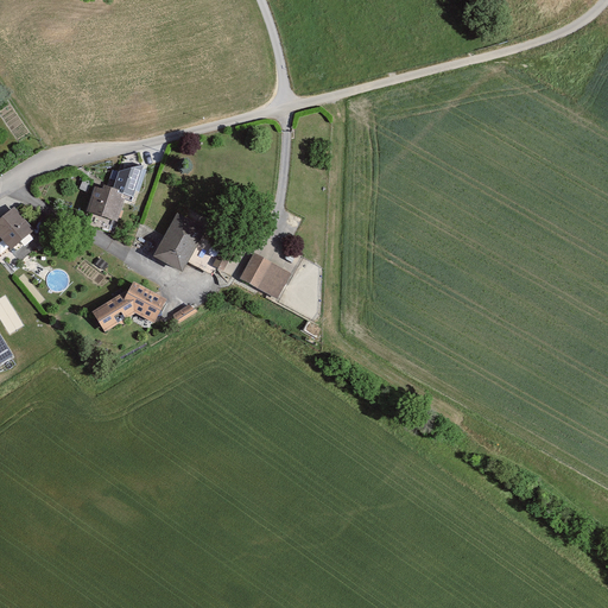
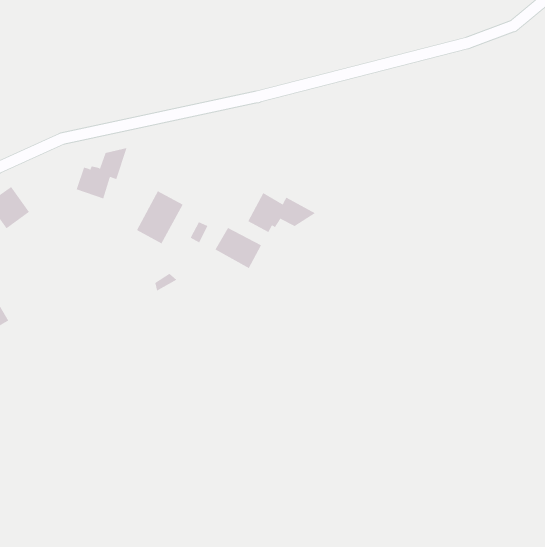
building: none -> [247,192,316,233]
building: [91,280,166,331] -> none

